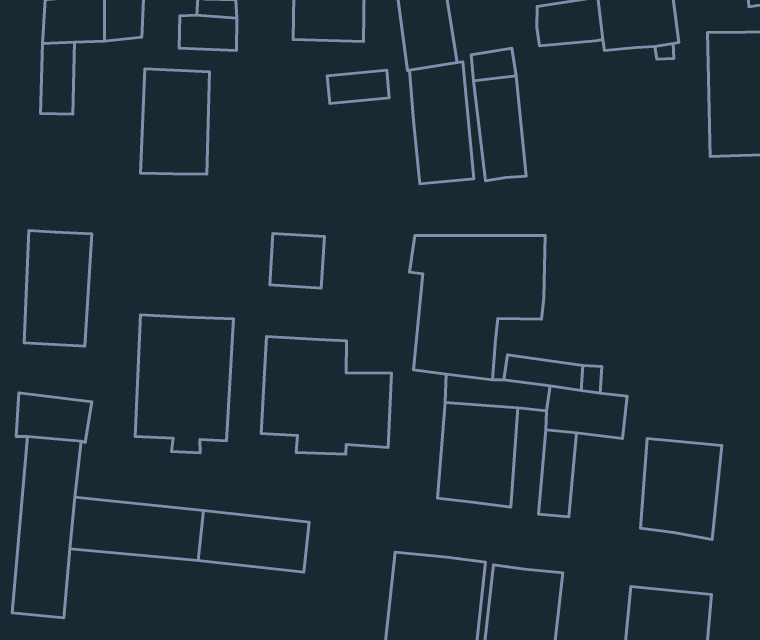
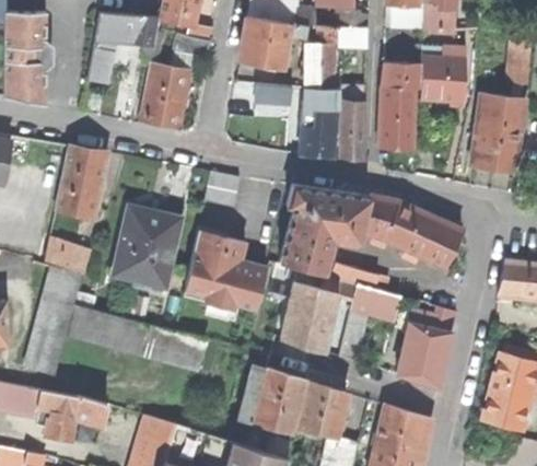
building: none -> [377,86,416,150]
building: none -> [362,197,463,268]
building: none -> [409,305,458,335]

